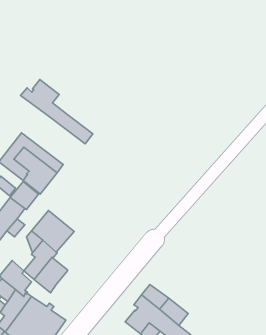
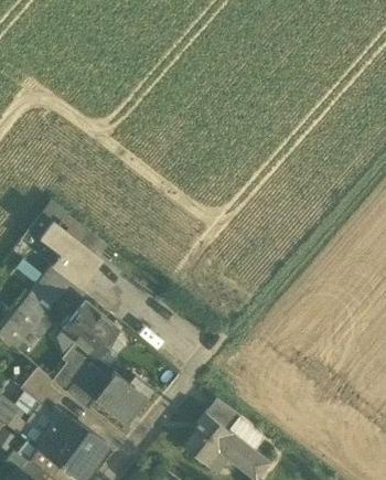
building: [21,79,93,144] -> none
building: none -> [95,372,152,424]

